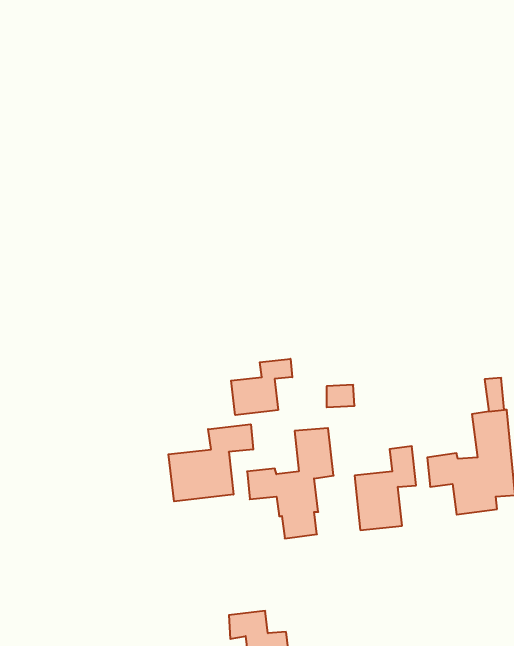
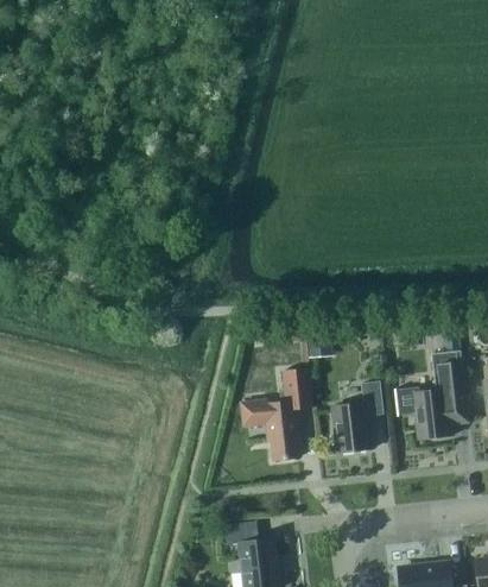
building: [231,359,292,415] -> none
building: [168,424,253,501] -> none

